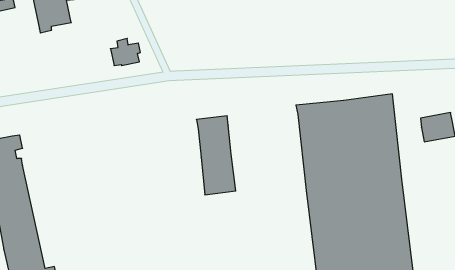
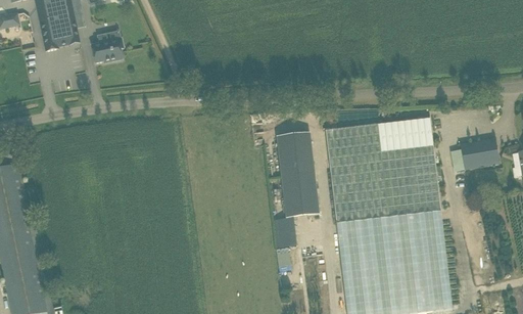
building: [110,38,140,66] -> [90,32,123,61]
building: [196,116,236,195] -> [275,131,318,217]

